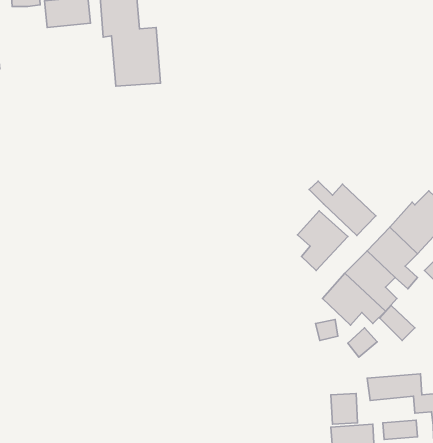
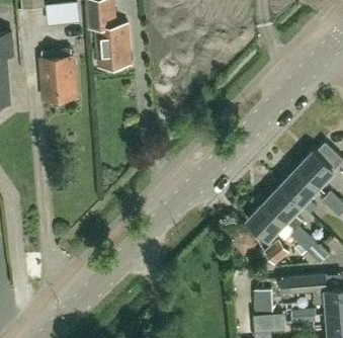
building: none -> [40,57,74,100]
building: [309,181,376,236] -> none
building: [297,211,348,271] -> none

